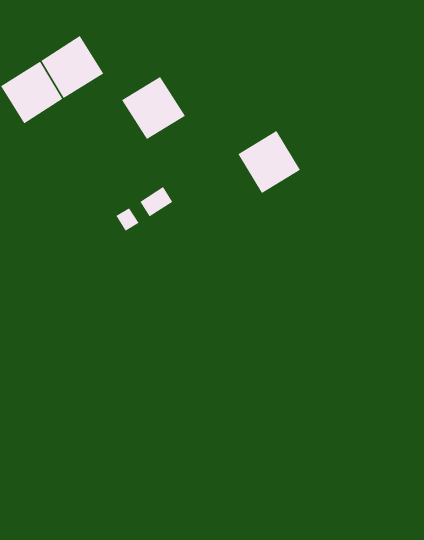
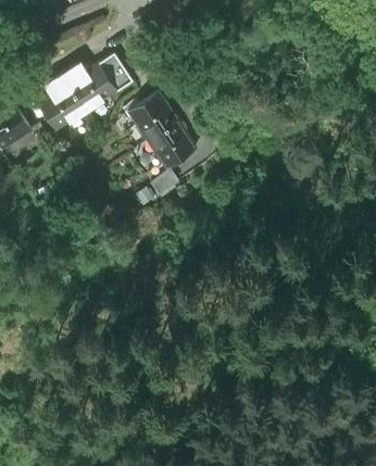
building: none -> [98,55,131,95]
building: [238,130,301,194] -> [149,127,198,176]

